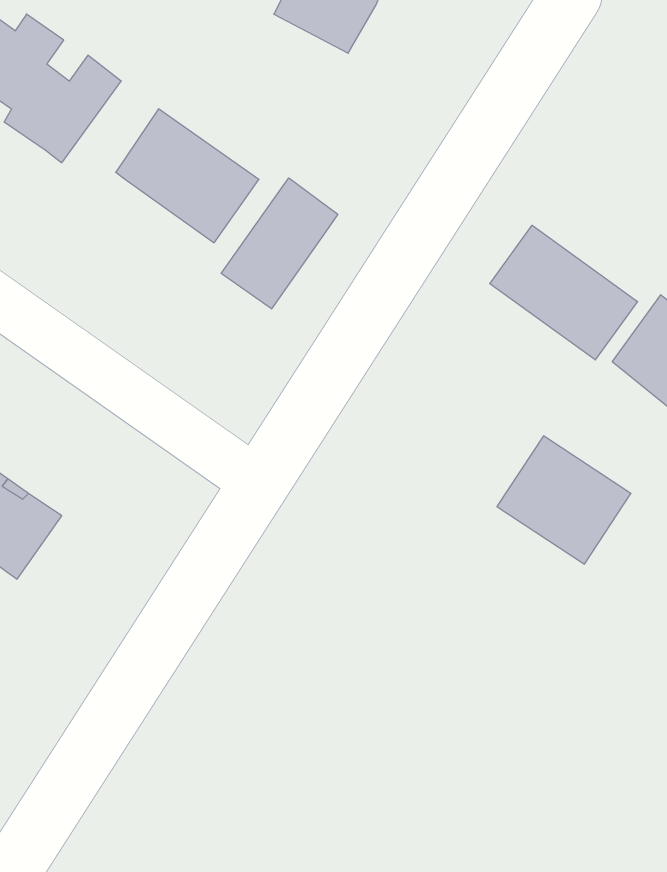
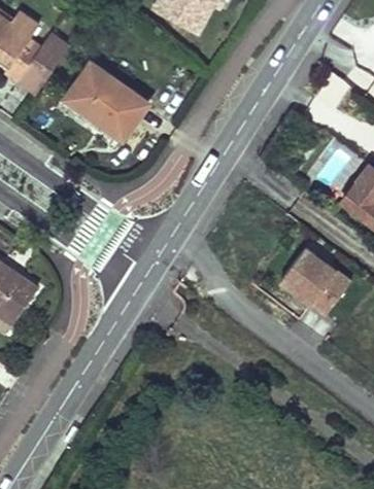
building: [221,178,338,309] -> none
building: [490,225,638,360] -> none

